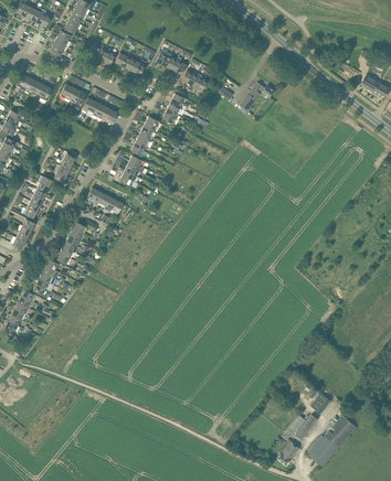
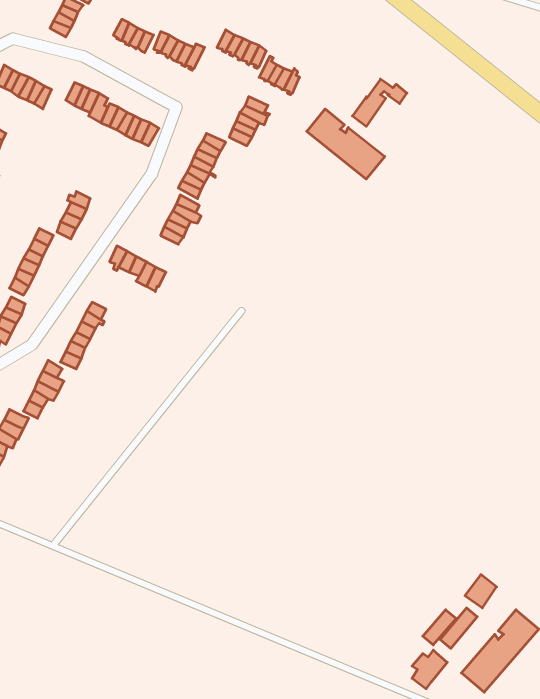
building: none -> [307,109,385,179]

